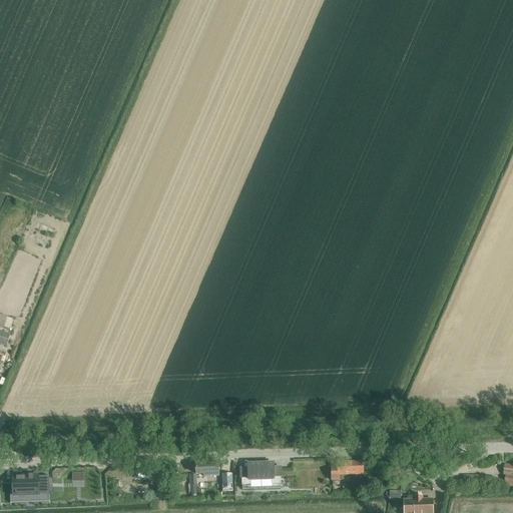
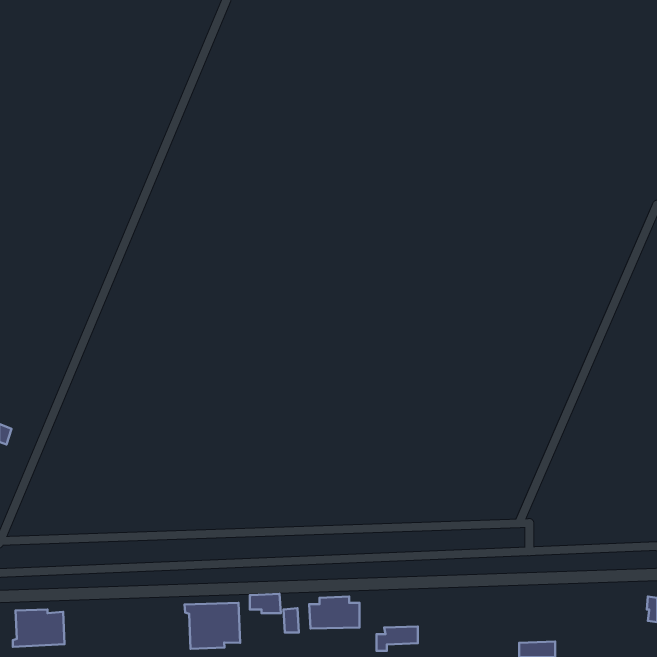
building: [331,461,363,480] -> [377,626,418,651]
building: none -> [184,603,240,649]

